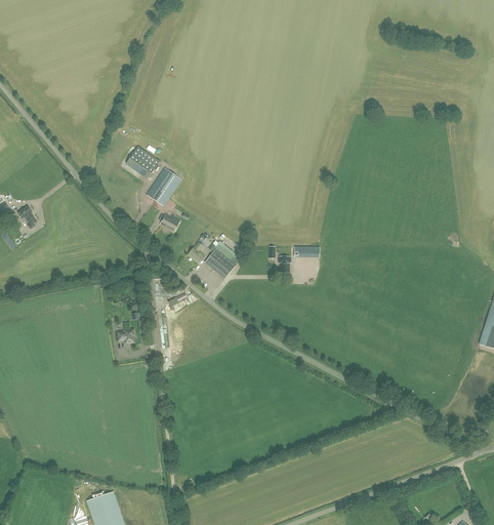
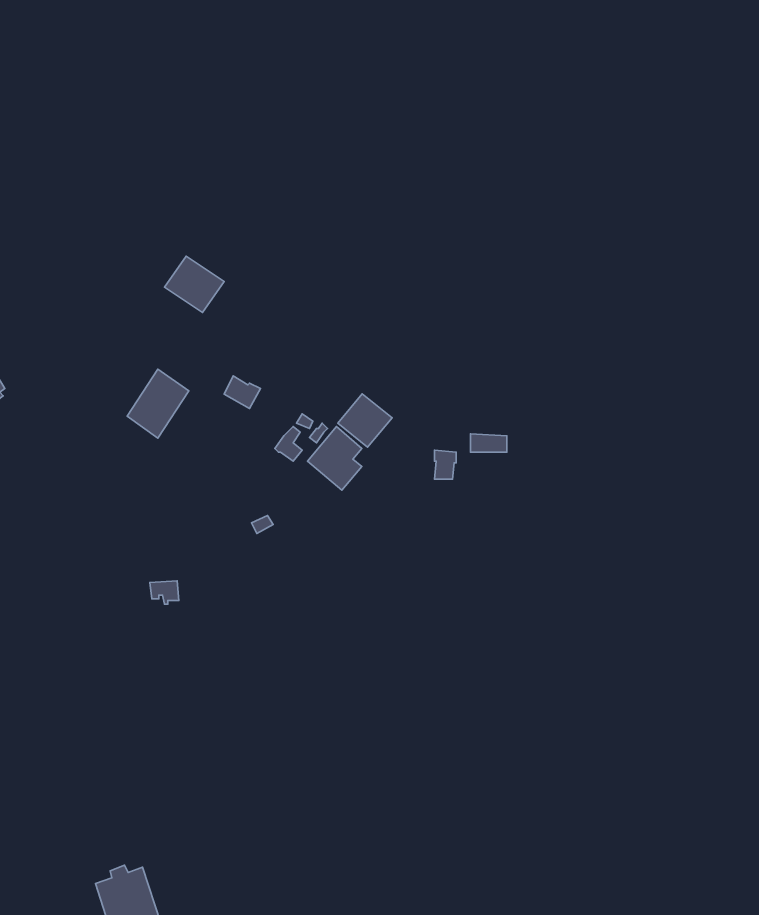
building: [146,167,180,206] -> [127,369,189,438]
building: none -> [338,394,392,447]

